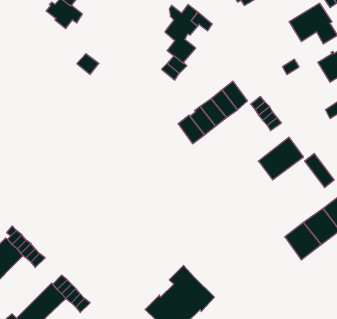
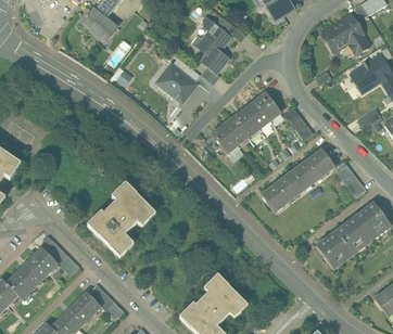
building: none -> [157,64,195,101]
building: none -> [261,170,305,211]
building: none -> [87,181,155,257]

